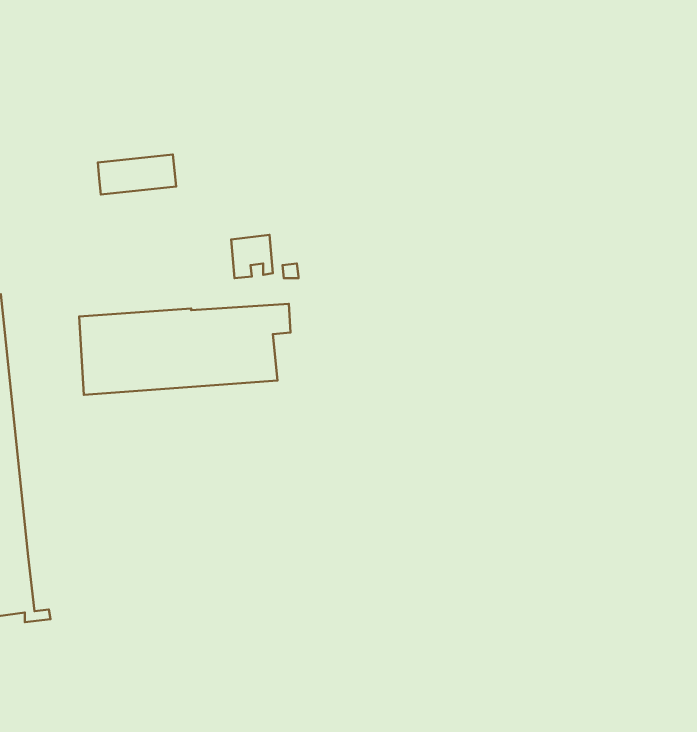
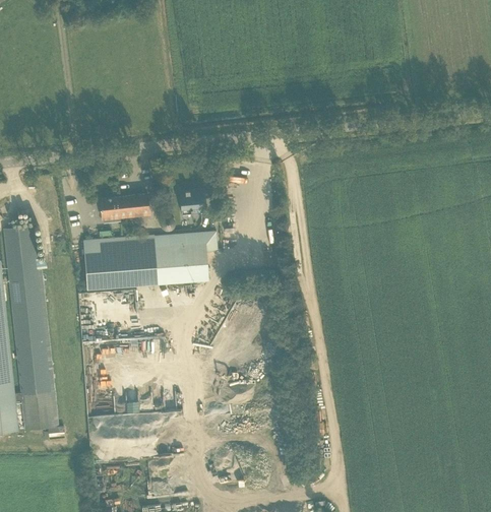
building: [98,154,176,194] -> [101,194,150,219]

